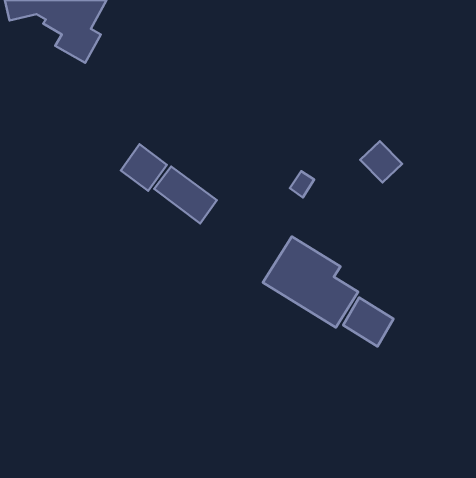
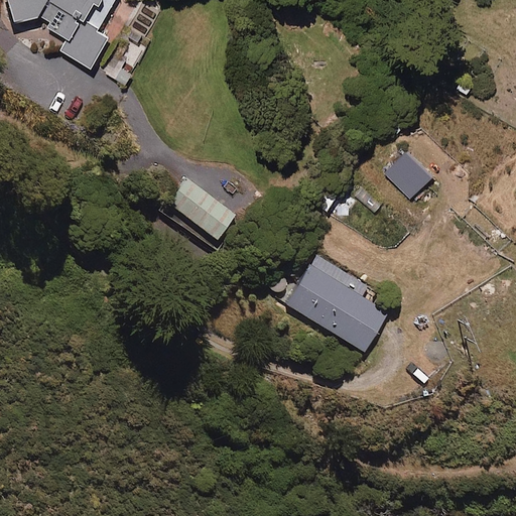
building: [121,144,167,191] -> none
building: [343,298,394,346] -> none

